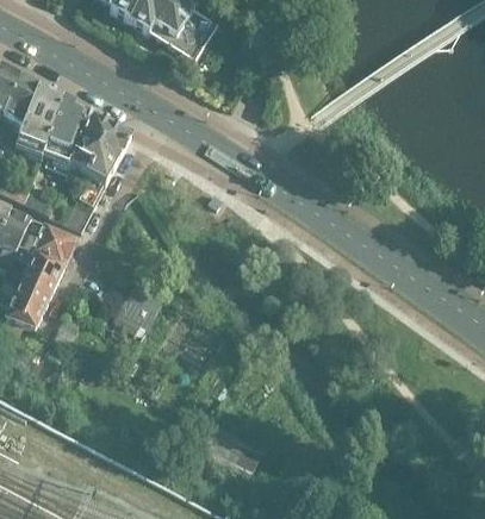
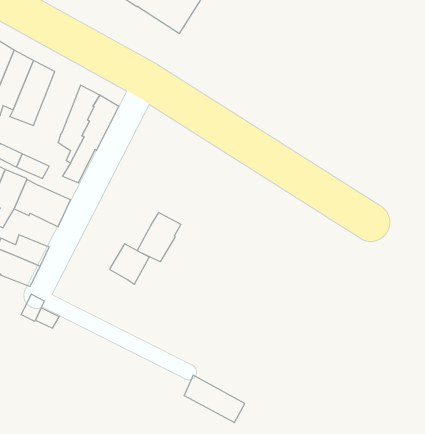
building: [38,100,88,167] -> none
building: [12,245,64,286] -> none
building: none -> [137,213,181,262]

